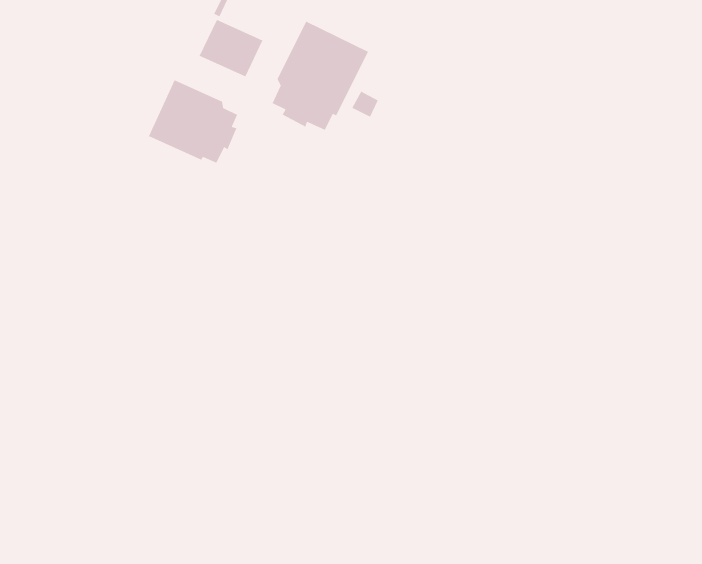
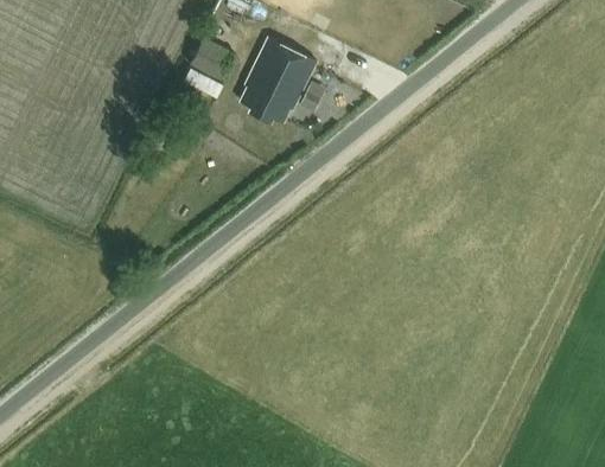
building: [148,79,238,164] -> none

